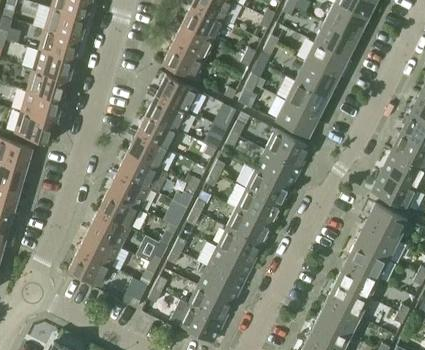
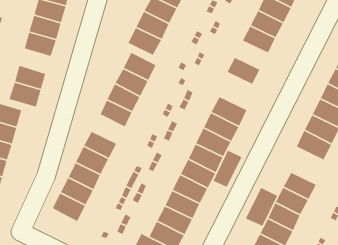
building: [296,60,338,96] -> none
building: [28,70,68,101] -> none
building: [276,99,318,136] -> none
building: [118,152,169,192] -> none
building: none -> [212,149,243,188]
building: [366,202,408,239] -> none
building: none -> [245,187,278,227]

